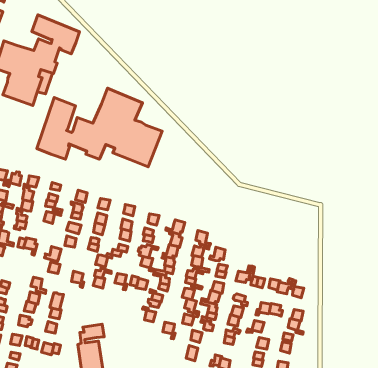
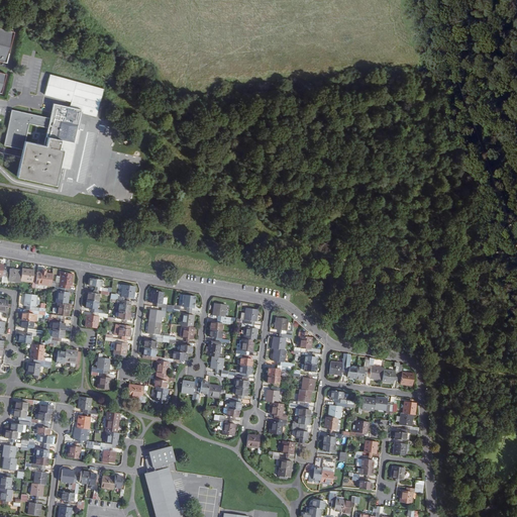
building: [37,88,162,167] -> none

